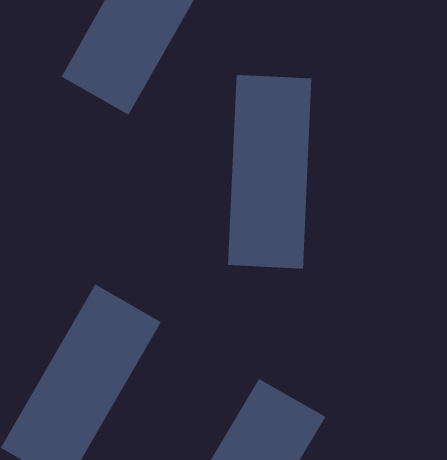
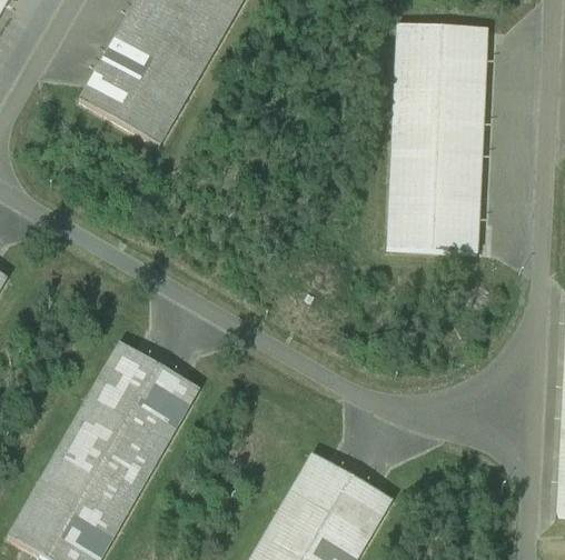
building: [227,74,312,269] -> [387,23,487,252]

